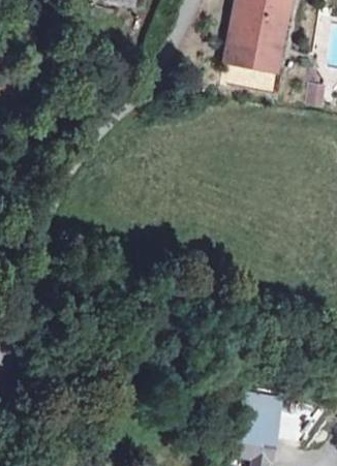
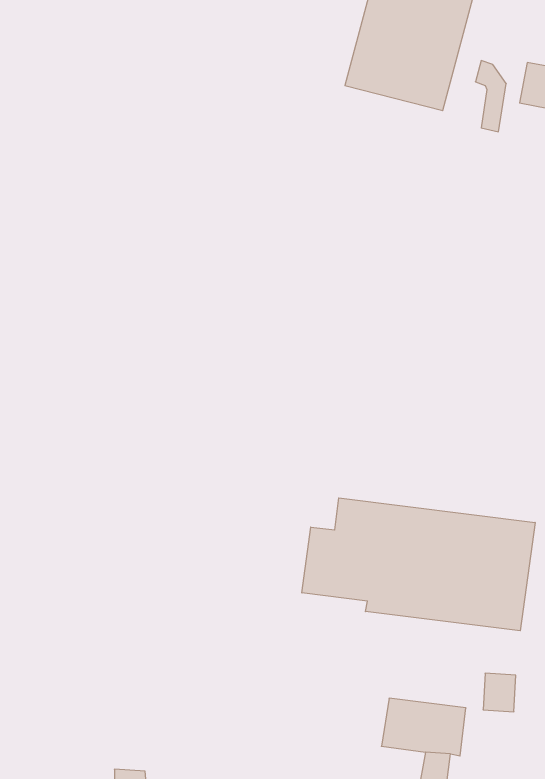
building: none -> [302,498,535,631]

